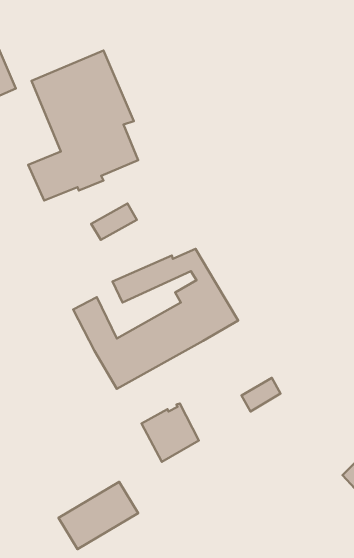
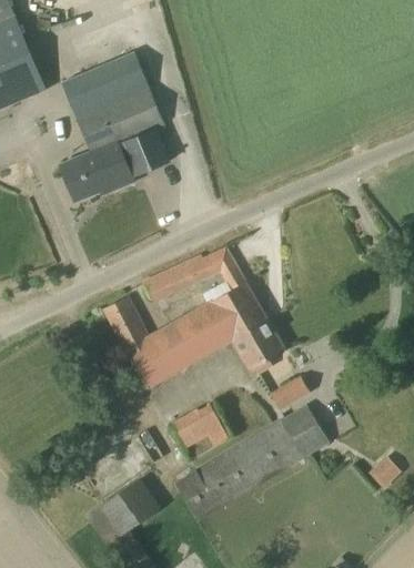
building: [91,204,137,240] -> none
building: none -> [232,318,284,369]
building: none -> [174,404,327,519]

